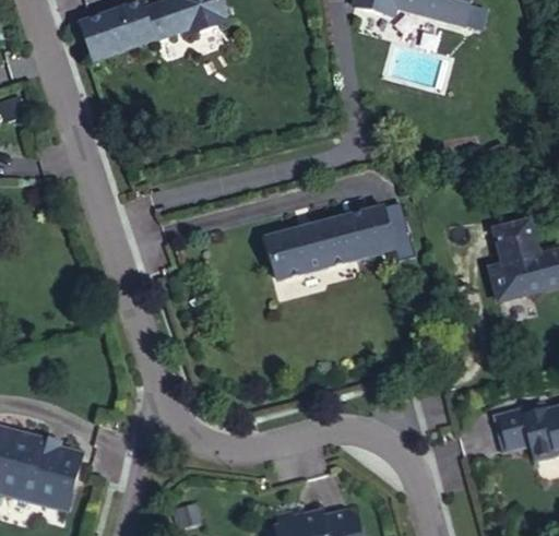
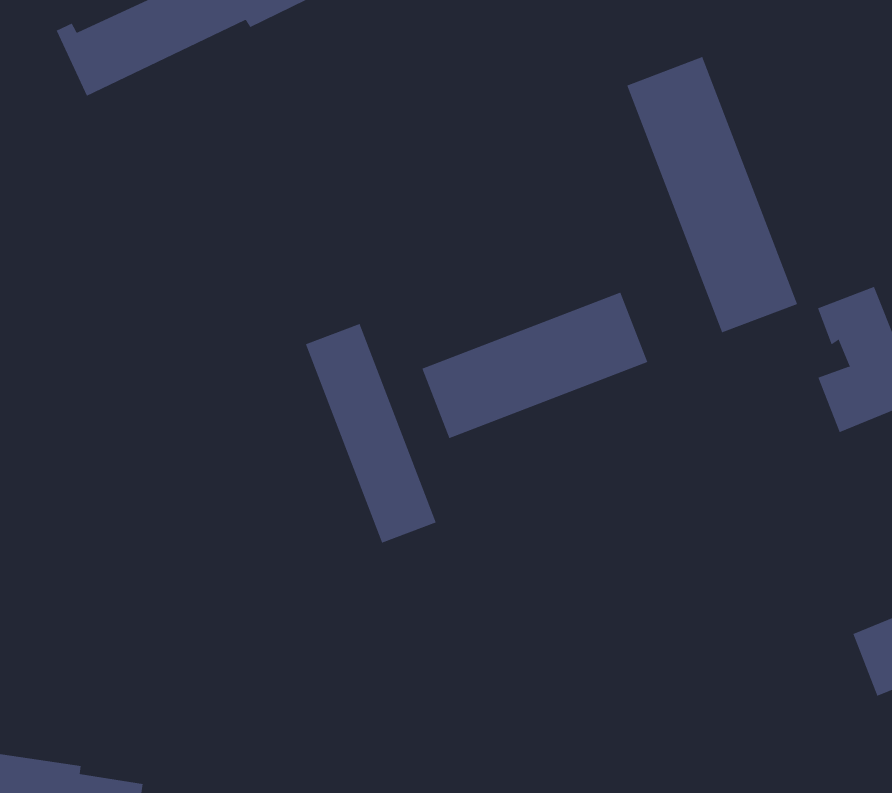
building: none -> [626,56,798,333]
building: none -> [305,323,437,544]

